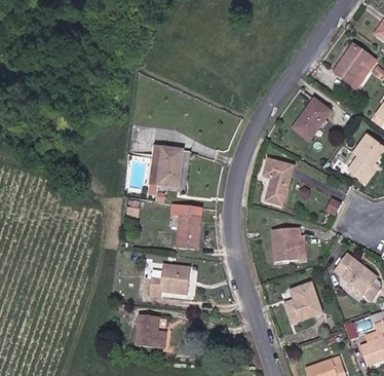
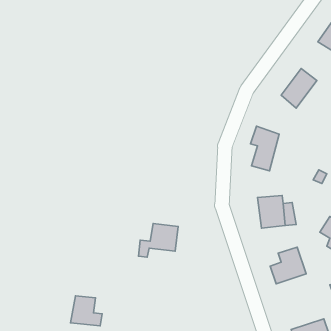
building: [149,146,180,186] -> none
building: [172,213,200,249] -> none
building: [133,314,166,345] -> [71,296,102,326]

